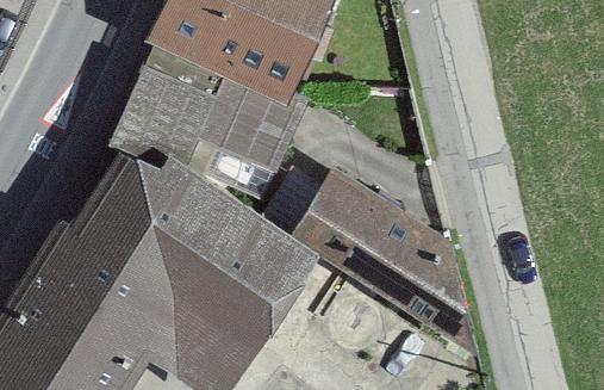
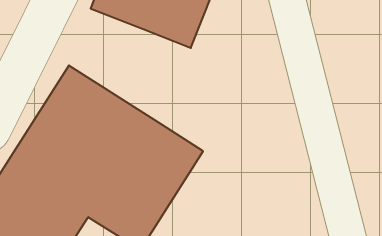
building: [117,63,298,215] -> none
building: [295,168,472,353] -> none

